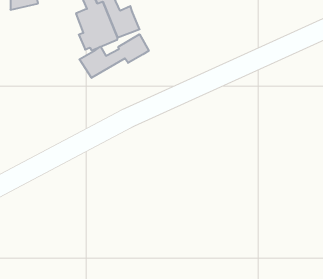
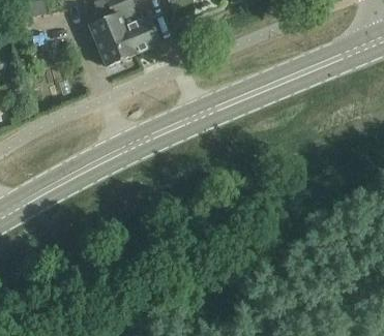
building: [79,34,149,78] -> none

